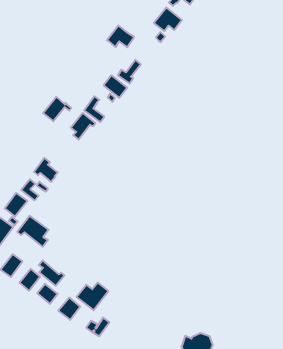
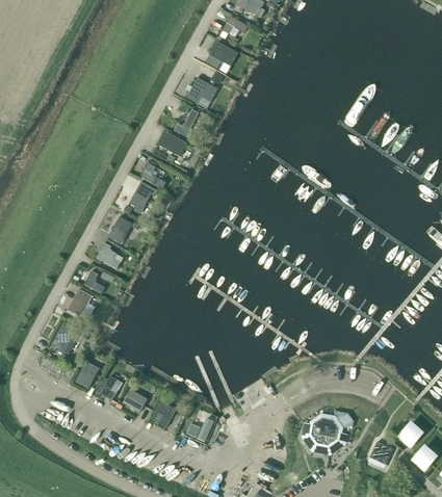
building: [107,25,134,47] -> [186,77,217,103]
building: [43,97,71,121] -> [107,215,139,244]
building: [17,216,49,247] -> none
building: [39,260,64,286] -> none
building: [77,283,108,310] -> none

